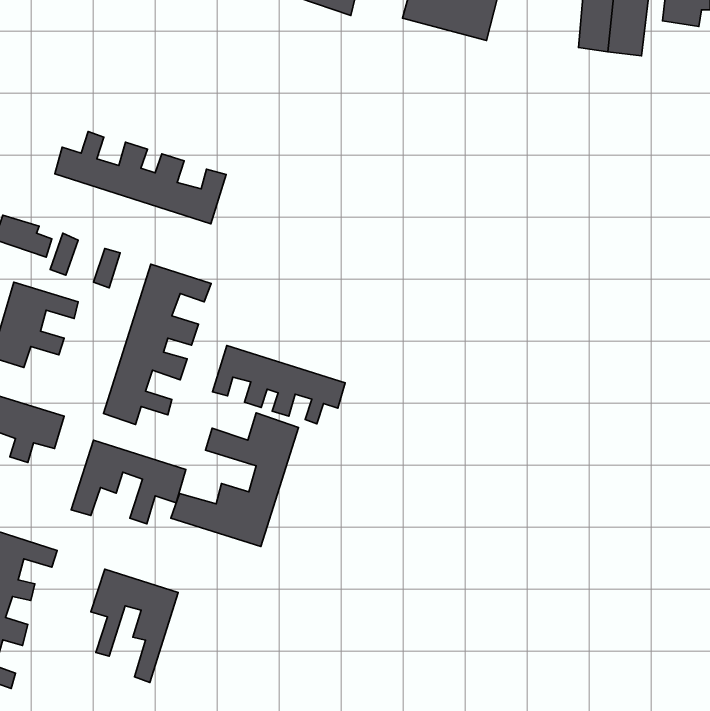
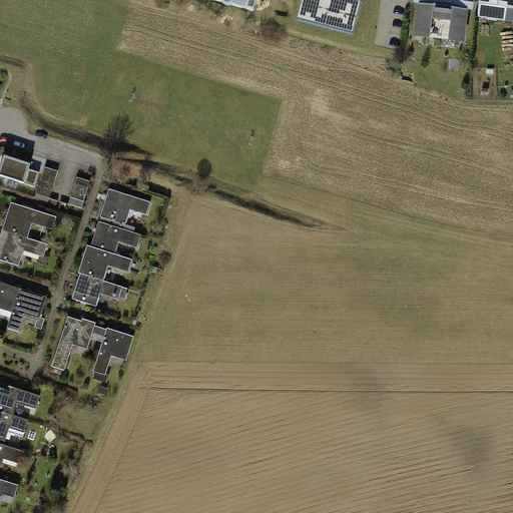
building: [55,132,226,224] -> none
building: [213,345,345,424] -> none
building: [171,413,299,547] -> none
building: [91,569,178,682] -> none

